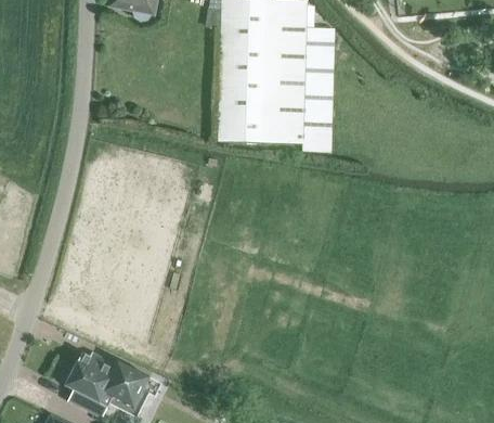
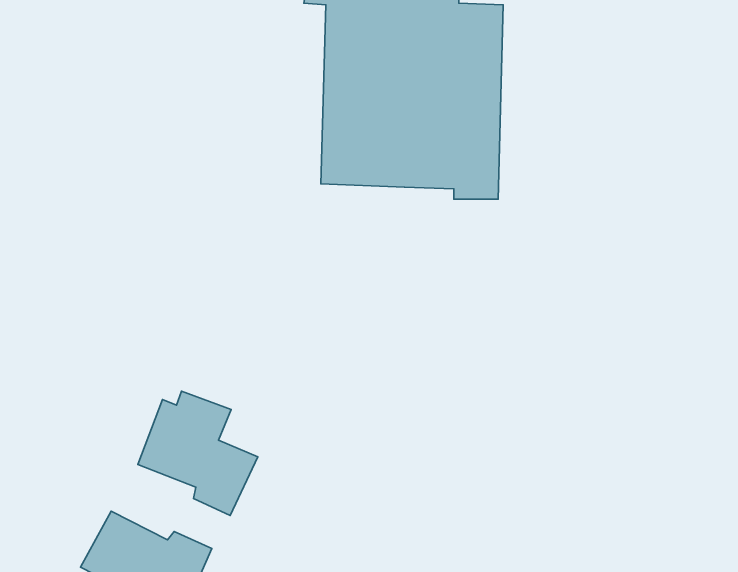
building: none -> [138,391,258,515]

